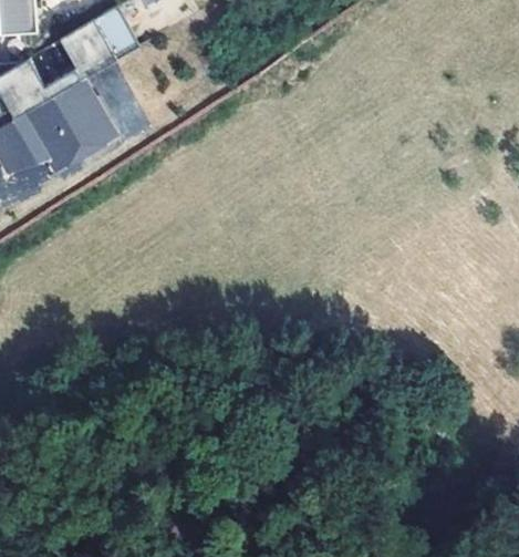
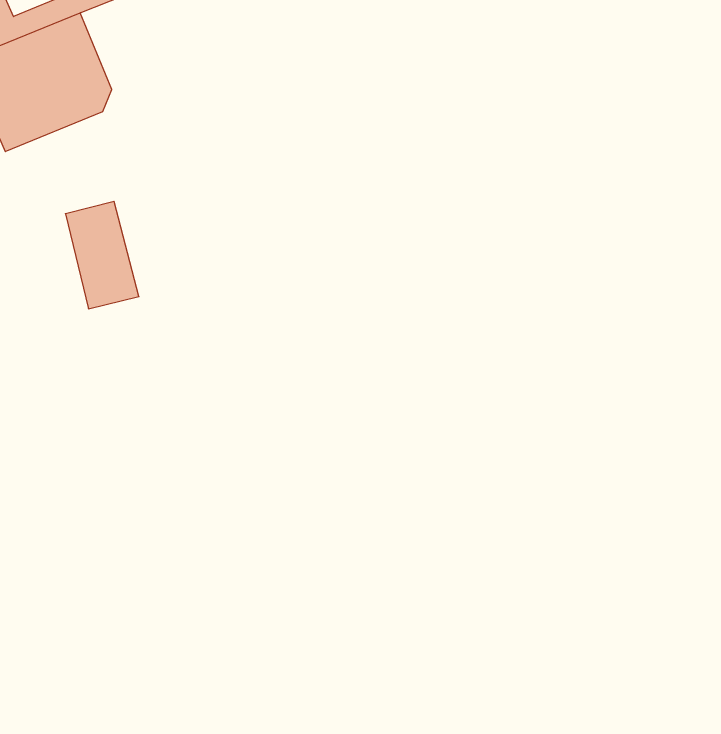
building: [96,75,145,138] -> [65,201,139,309]

